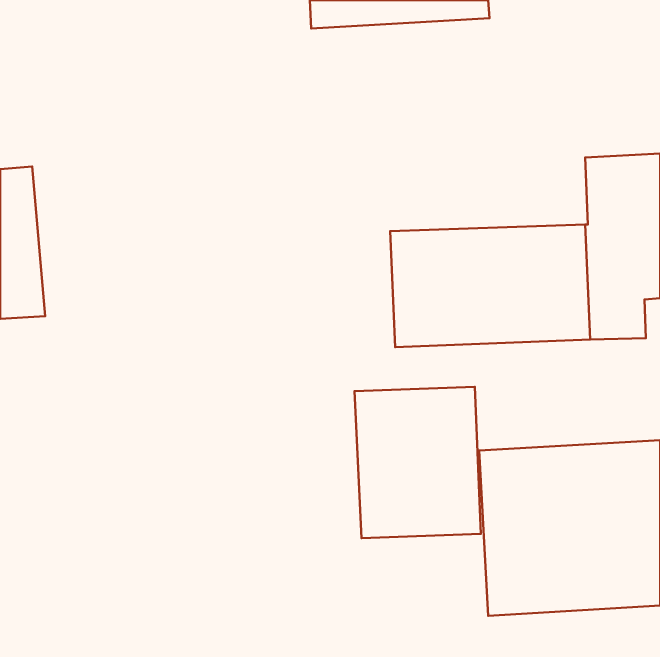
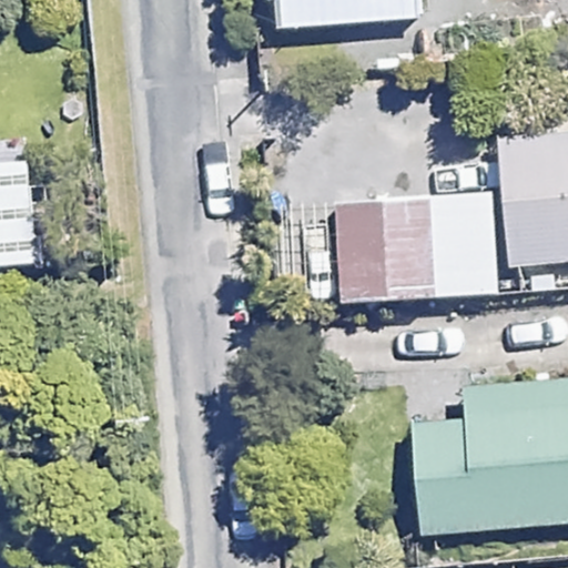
building: [354,387,481,538] -> none

